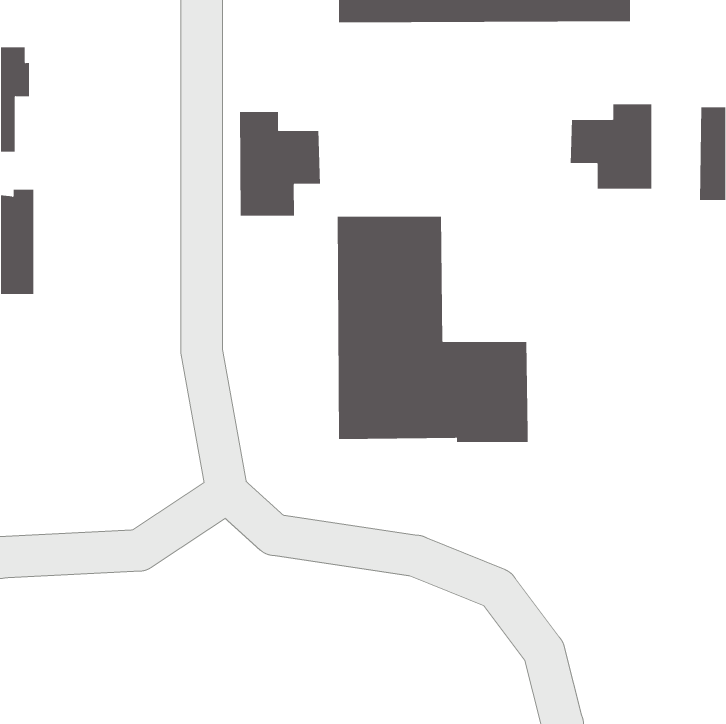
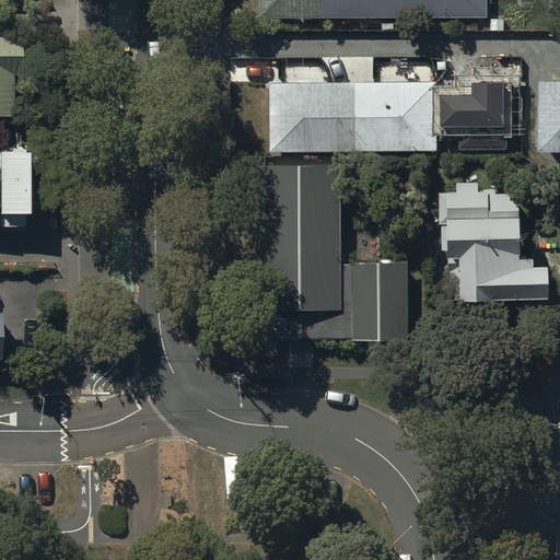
building: none -> [269,81,436,151]
building: [240,111,321,216] -> none
building: none -> [439,183,548,304]

